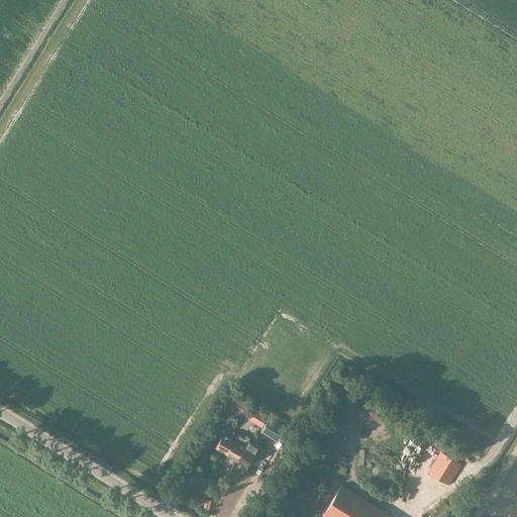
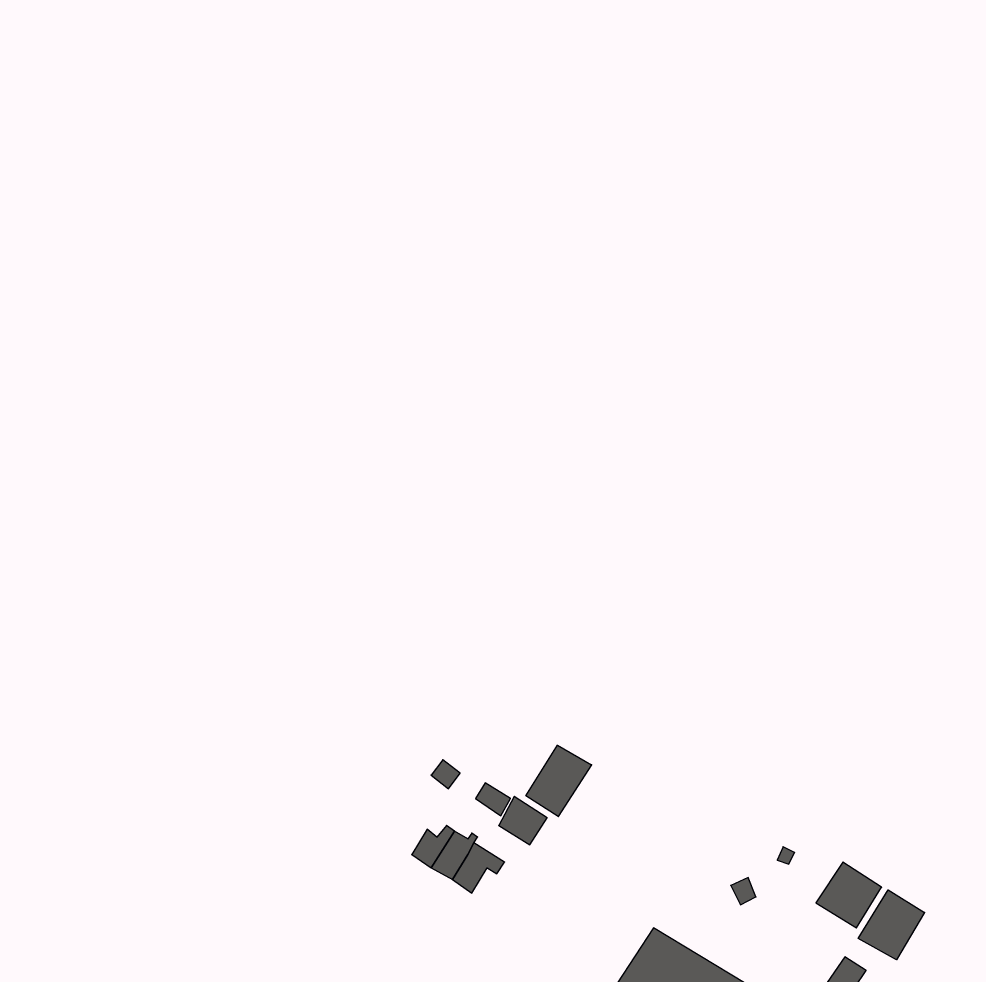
building: none -> [526,745,592,817]
building: none -> [858,890,925,960]

